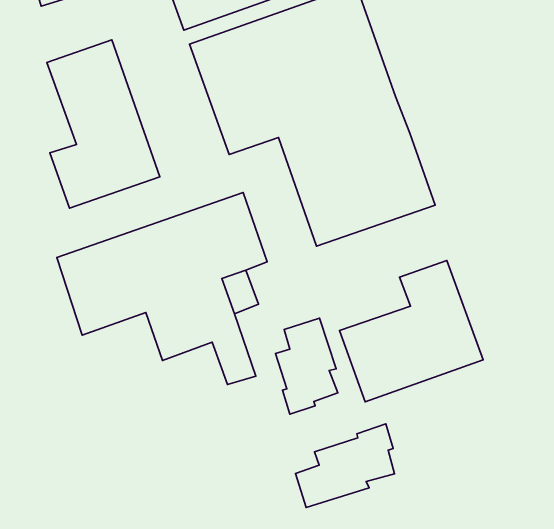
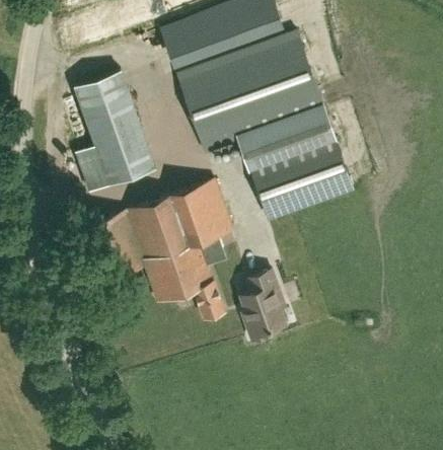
building: [340,261,483,402] -> none
building: [295,424,395,507] -> none

